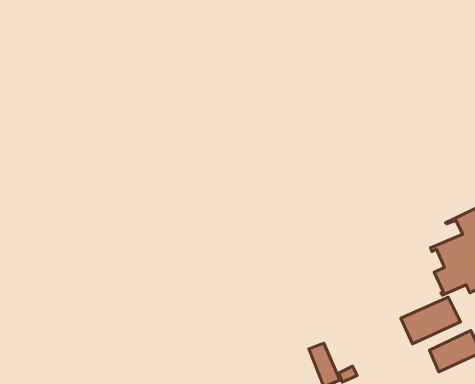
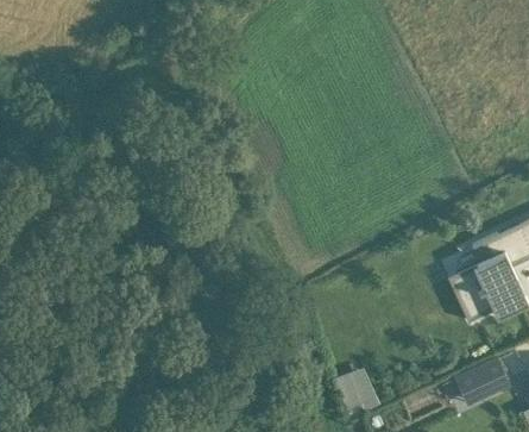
building: [401,297,460,344] -> none

